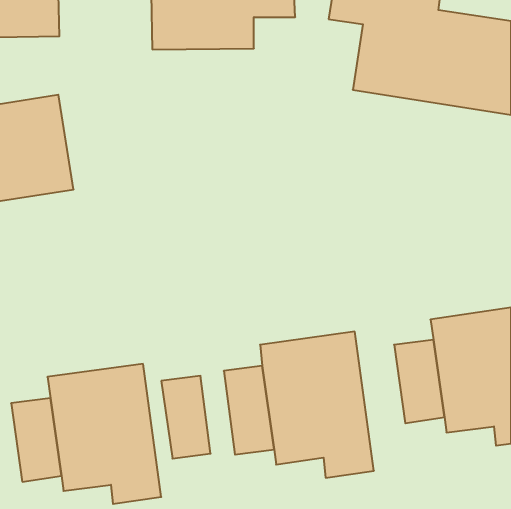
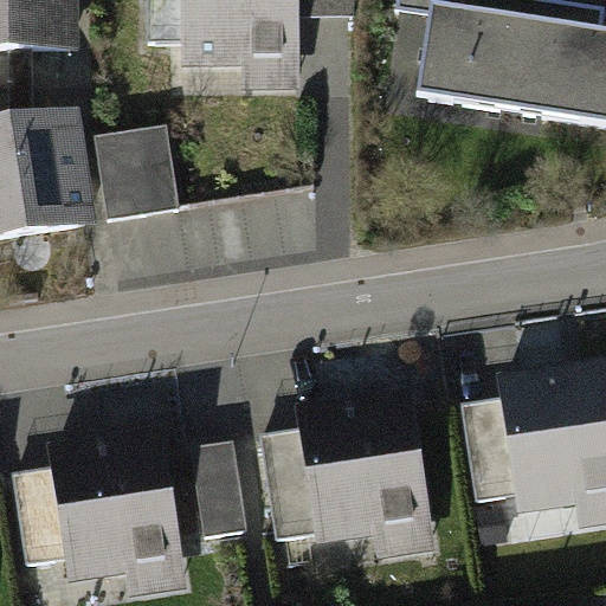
building: none -> [97,124,183,226]

